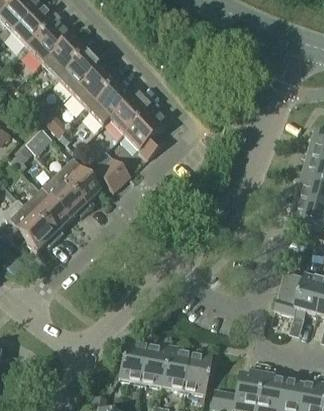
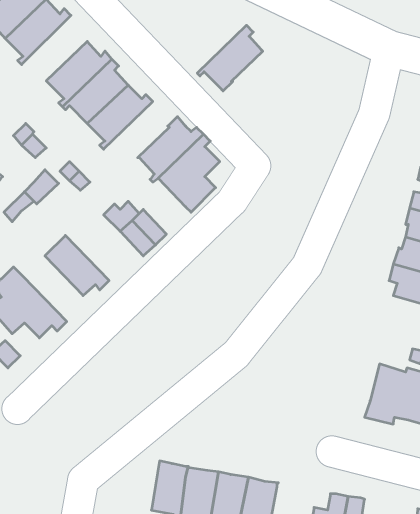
building: [23,15,71,63] -> none
building: [83,78,131,126] -> [197,25,263,91]
building: [55,160,100,209] -> none
building: [24,181,68,239] -> none

